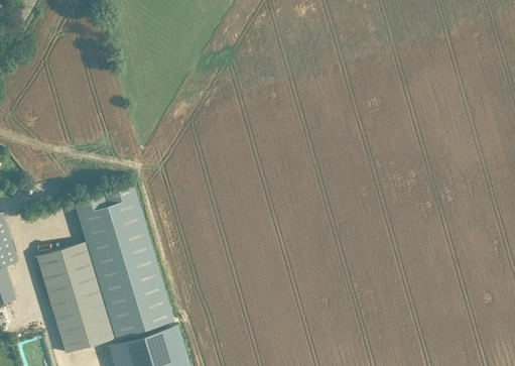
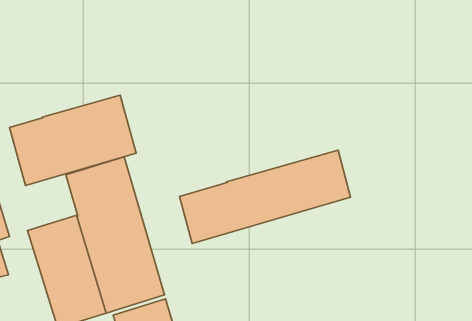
building: none -> [10,95,136,186]
building: none -> [180,150,351,244]

